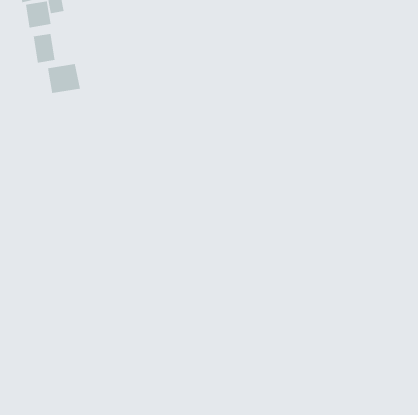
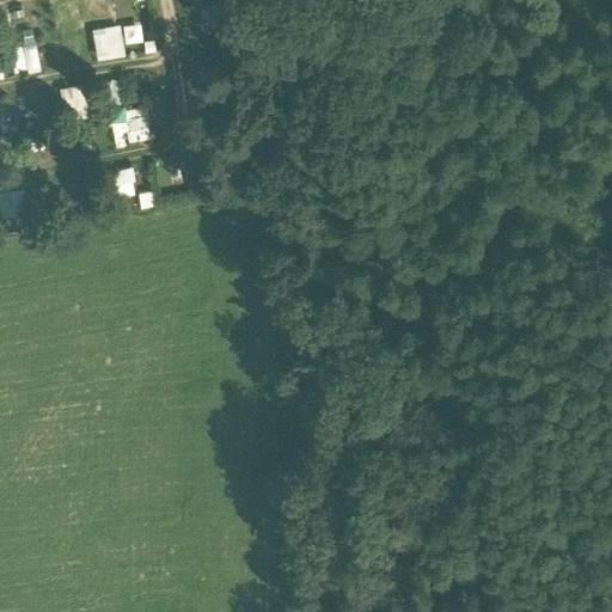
building: [33,33,55,63] -> none

